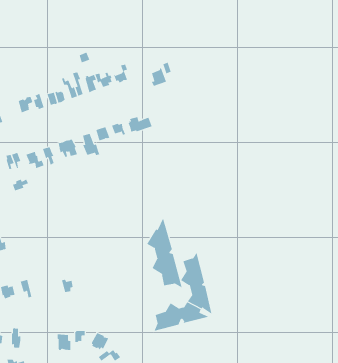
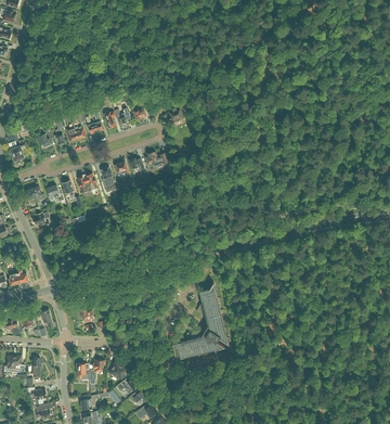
building: [147,217,182,288] -> none

